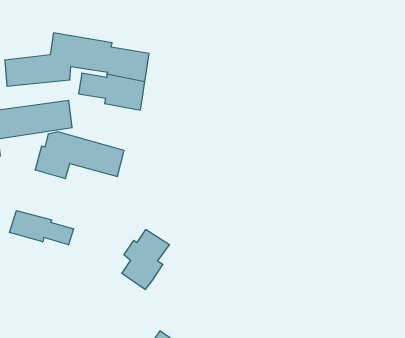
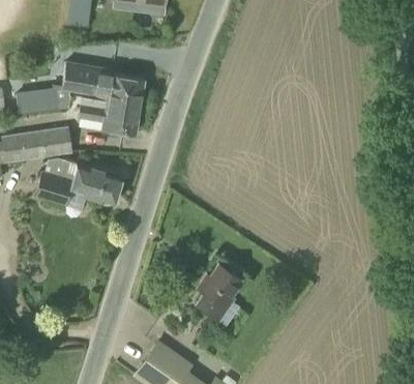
building: [10,211,74,245] -> none
building: [122,230,169,289] -> [195,264,240,321]

